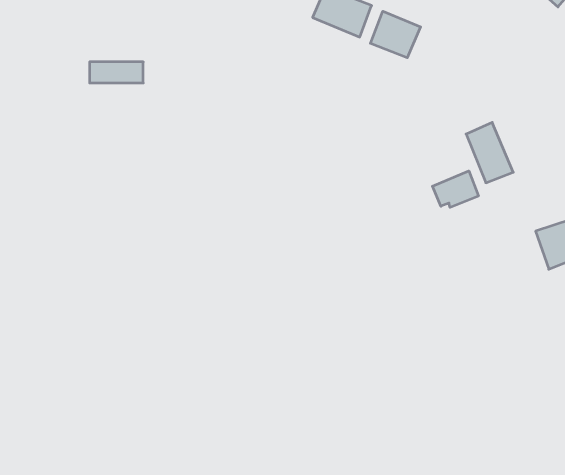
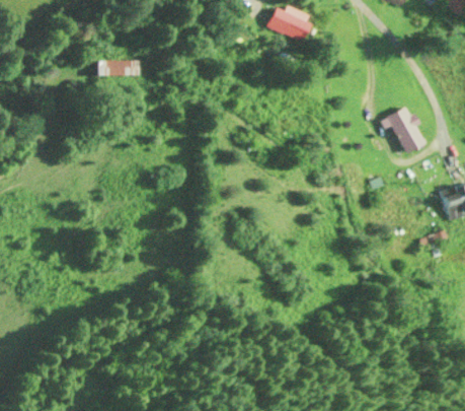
building: [370,11,421,58] -> none
building: [432,171,478,207] -> none

